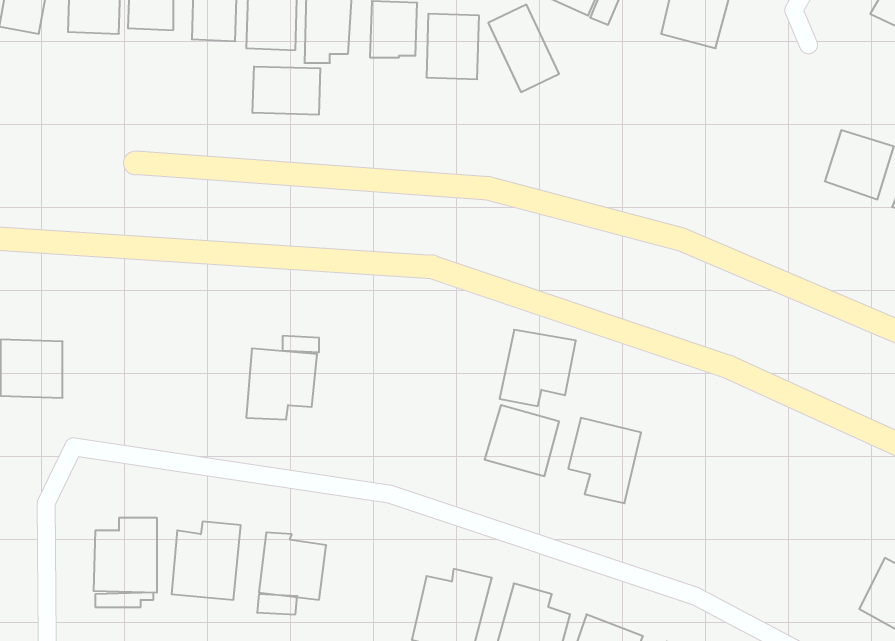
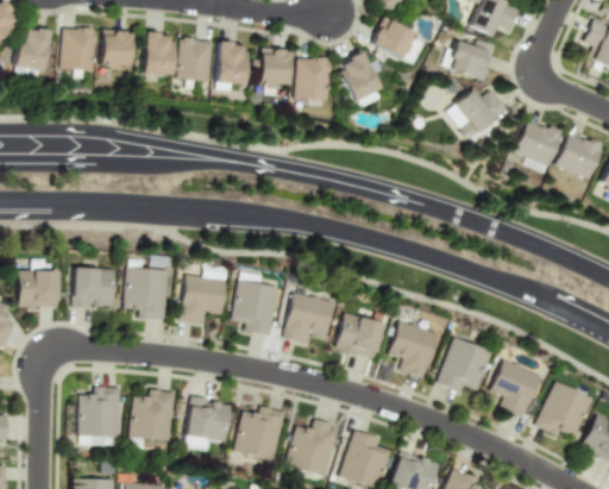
building: none -> [446,88,507,139]
building: [253,66,320,115] -> none
building: none -> [515,119,563,174]
building: [500,330,576,406] -> [284,293,334,343]
building: none -> [74,268,115,307]
building: none -> [126,268,168,319]
building: none -> [233,281,278,334]
building: none -> [439,338,492,391]
building: none -> [491,358,542,418]
building: none -> [536,382,594,437]
building: none -> [237,406,285,459]

